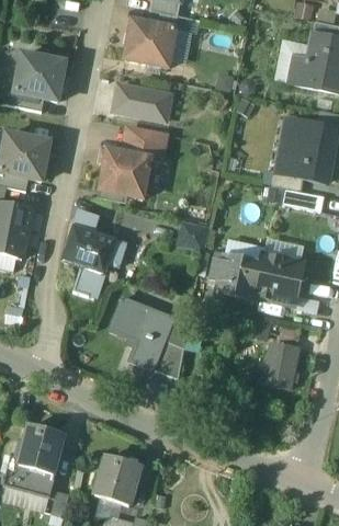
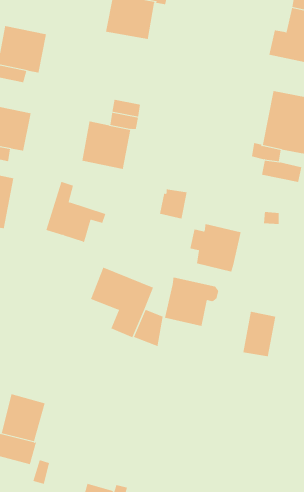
building: [114,84,170,119] -> none
building: [255,253,310,304] -> [164,277,219,327]
building: [72,264,101,296] -> none
building: [94,455,140,505] -> none

